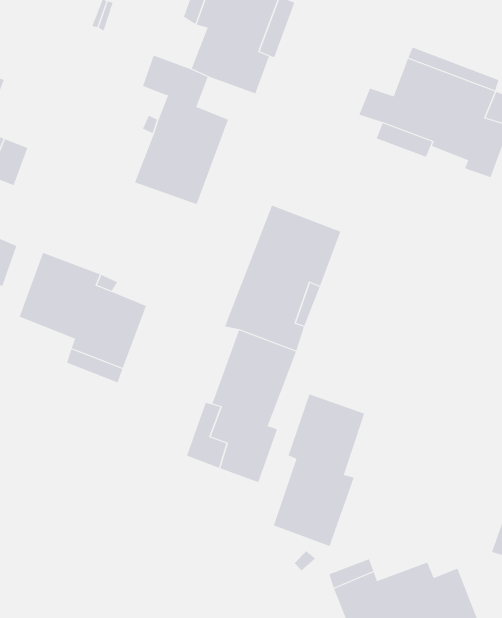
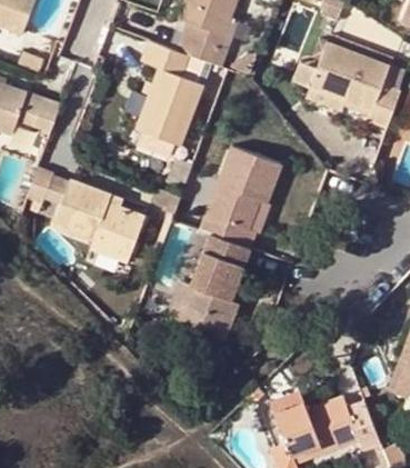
building: [273,393,365,547] -> none

